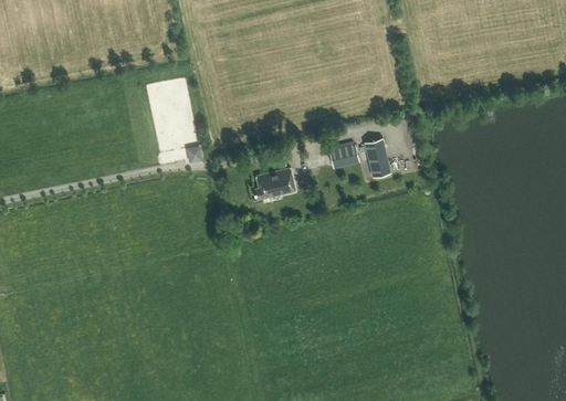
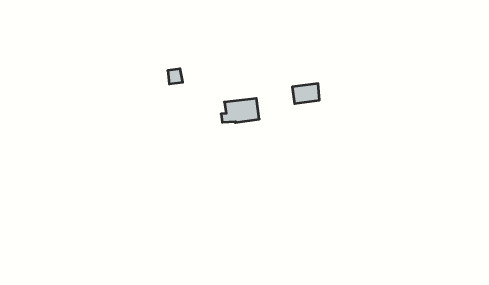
building: [364,138,390,177] -> none

